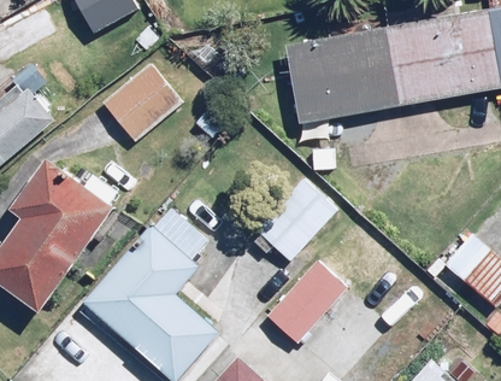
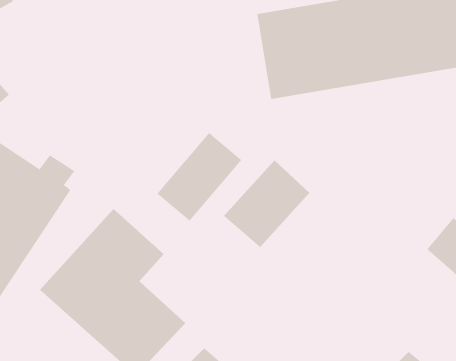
building: [101,61,182,142] -> none
building: [266,259,347,344] -> [156,132,242,222]

